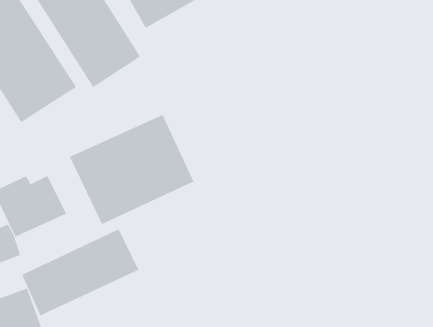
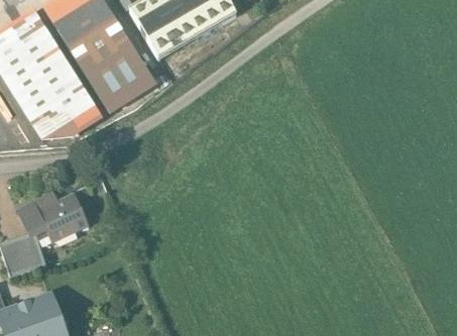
building: [69,114,194,225] -> none
building: [21,229,139,316] -> none

